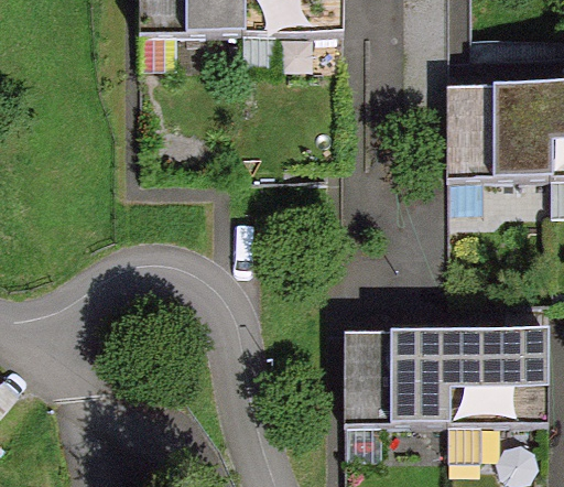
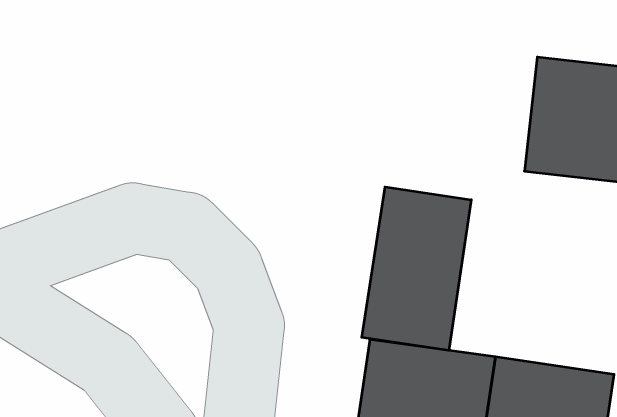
building: none -> [362,187,471,350]

